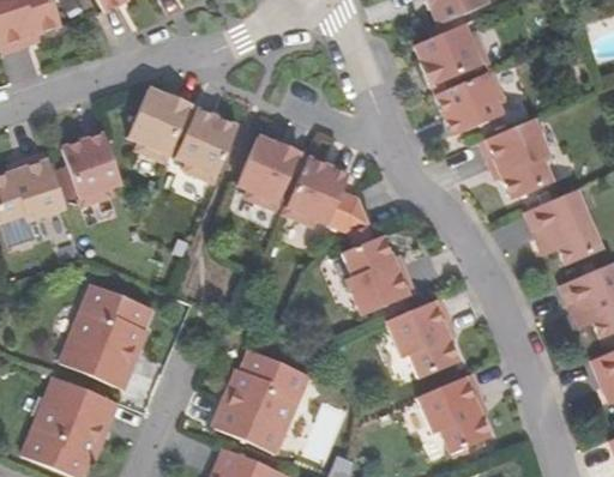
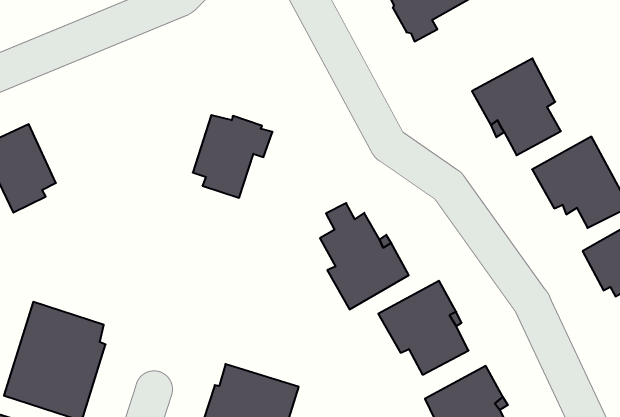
building: [433,71,504,137] -> none
building: [118,90,180,162] -> none
building: [175,109,234,186] -> none
building: [283,158,365,233] -> none

